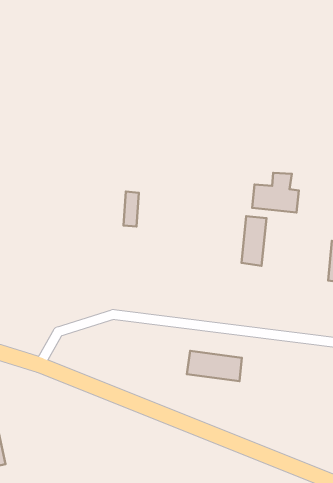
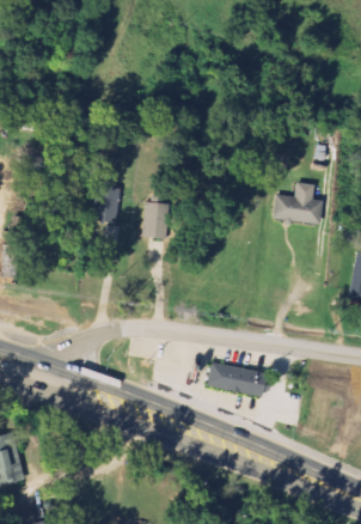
building: none -> [94,181,120,223]
building: [242,216,267,266] -> none

